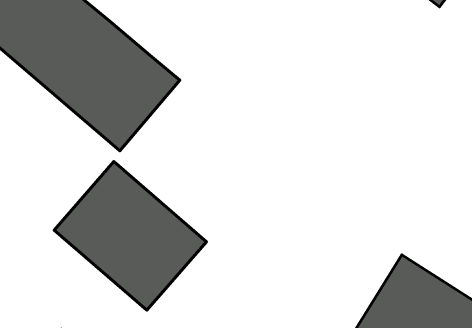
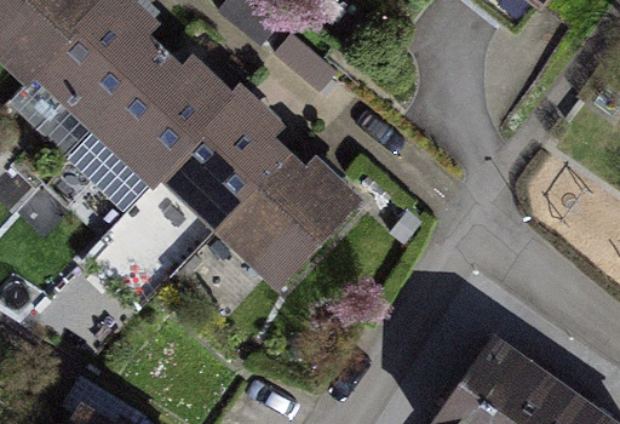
building: [54,162,207,310] -> [167,113,358,299]

